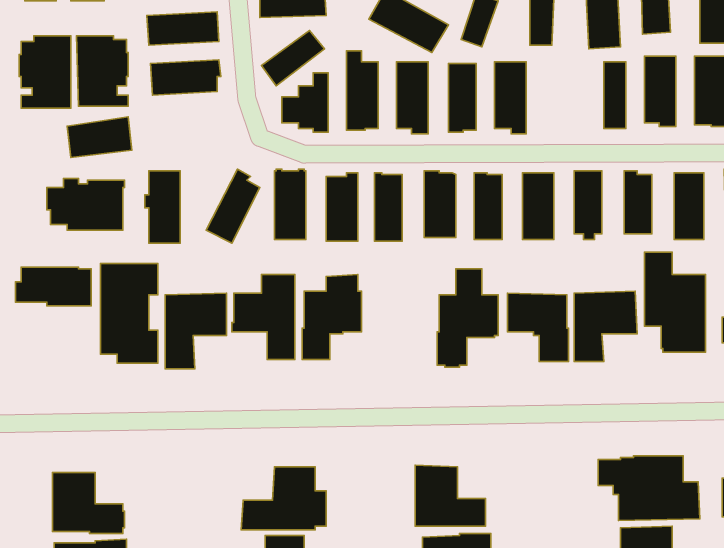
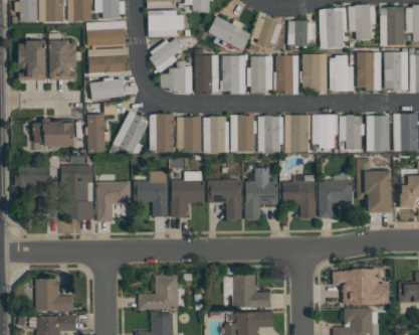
building: none -> [302,53,320,91]
building: [67,117,132,158] -> [89,77,125,100]
building: none -> [207,179,241,219]

